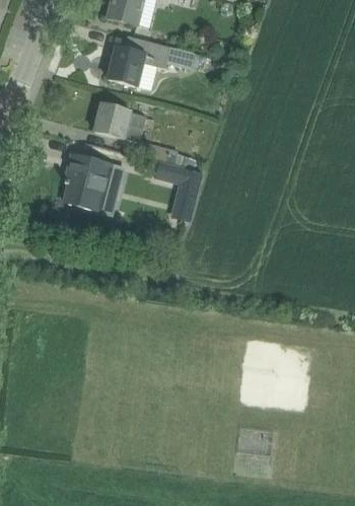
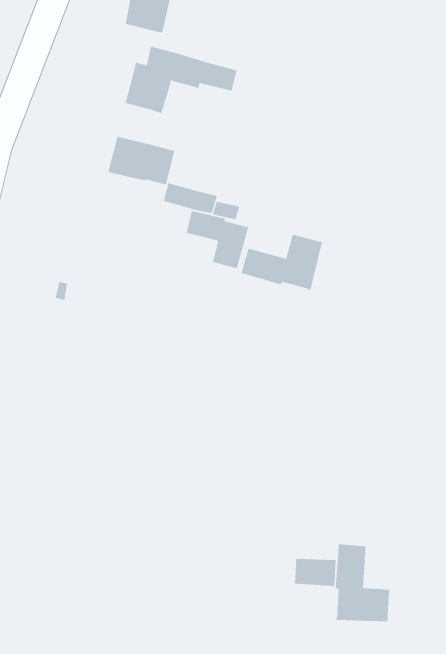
building: [64,155,114,212] -> none
building: none -> [241,234,322,291]
building: none -> [335,544,389,622]

